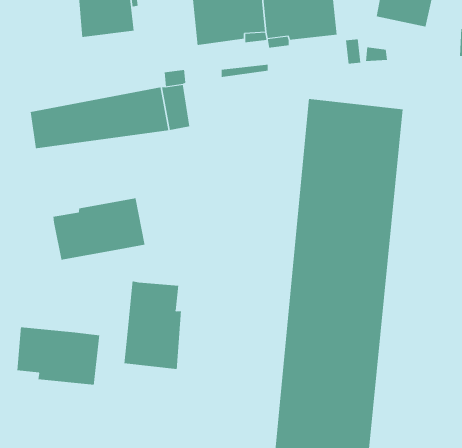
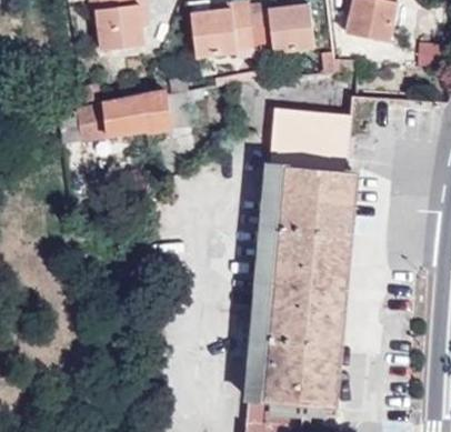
building: [53,197,145,260] -> none
building: [124,280,181,370] -> none
building: [17,327,100,386] -> none

